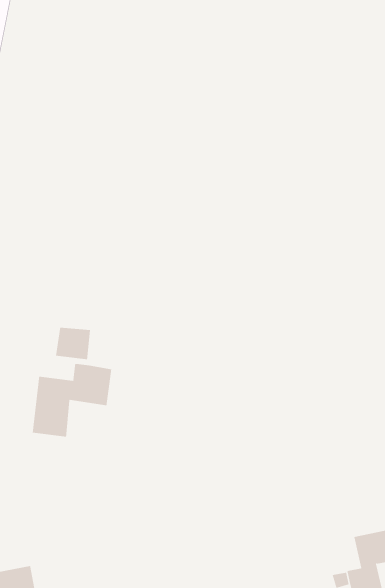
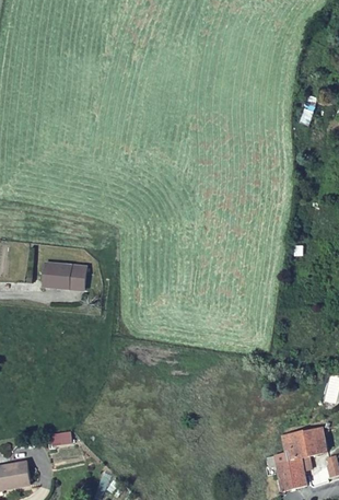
building: [32,363,112,438] -> none

